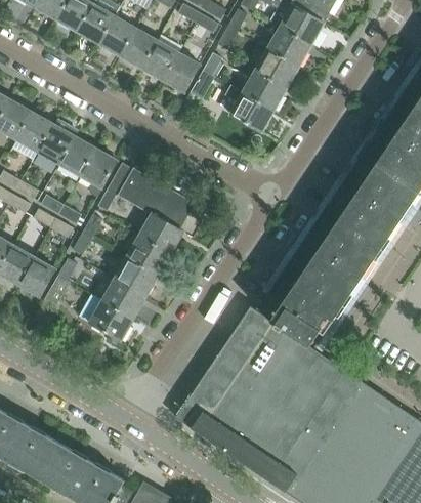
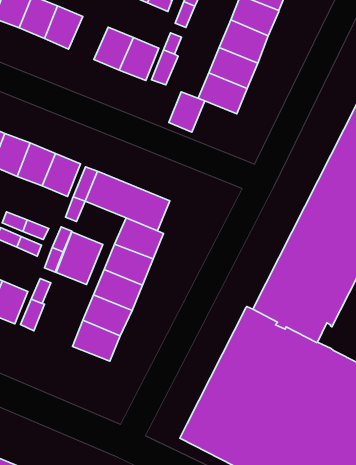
building: [120,29,158,69] -> none
building: none -> [169,92,205,132]
building: none -> [56,232,103,284]

